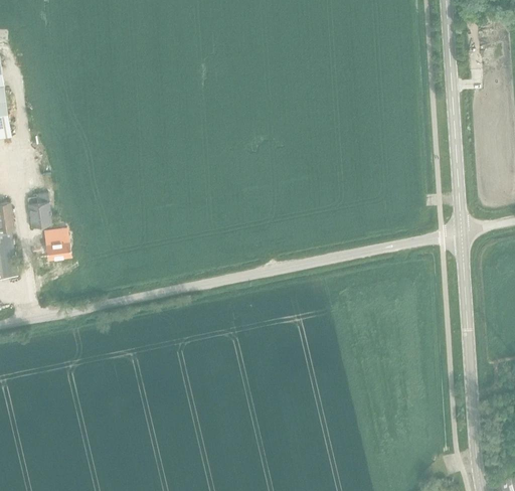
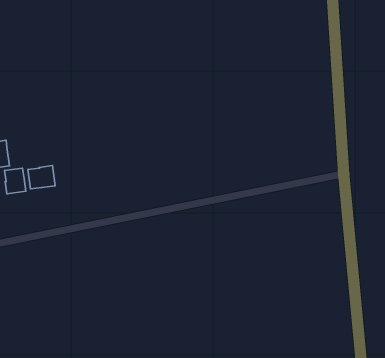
building: none -> [28,166,55,189]

